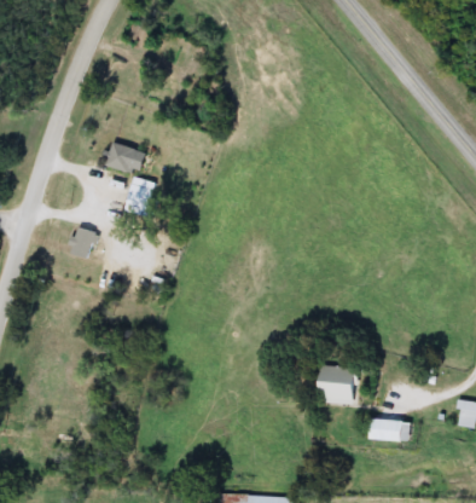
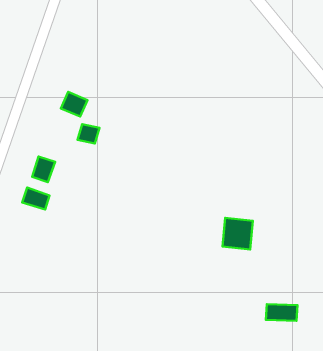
building: none -> [22,188,50,210]
building: [321,365,361,406] -> [222,218,253,249]

